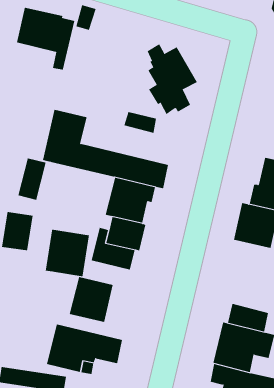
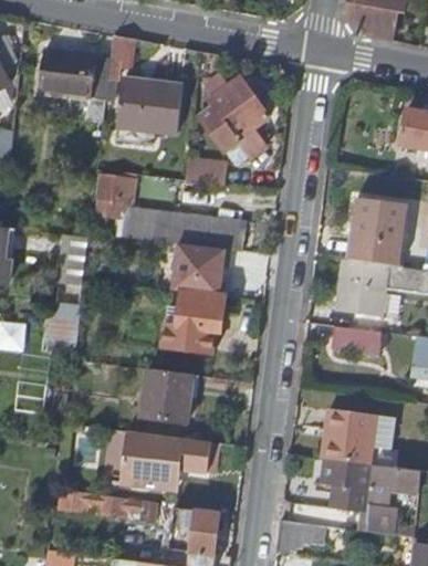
building: none -> [116,80,181,134]
building: [45,229,89,277] -> none
building: [227,303,269,332] -> [331,325,380,356]

